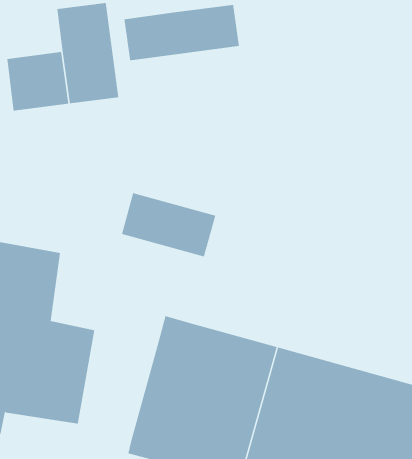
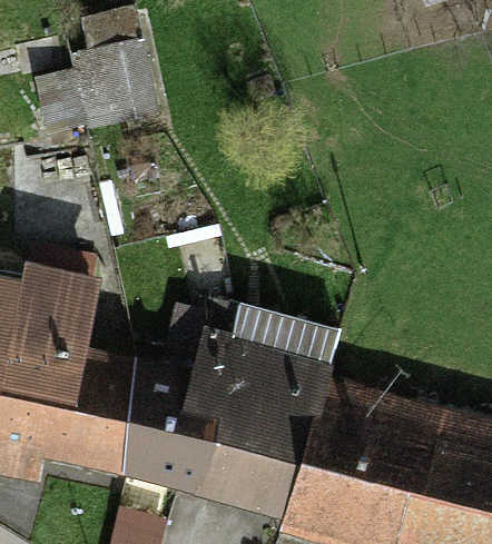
building: [124,4,239,61] -> none
building: [121,193,216,257] -> [232,313,333,382]
building: none -> [108,364,193,482]

